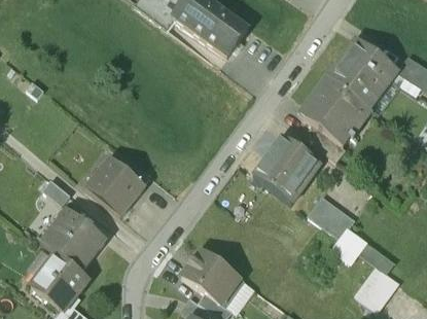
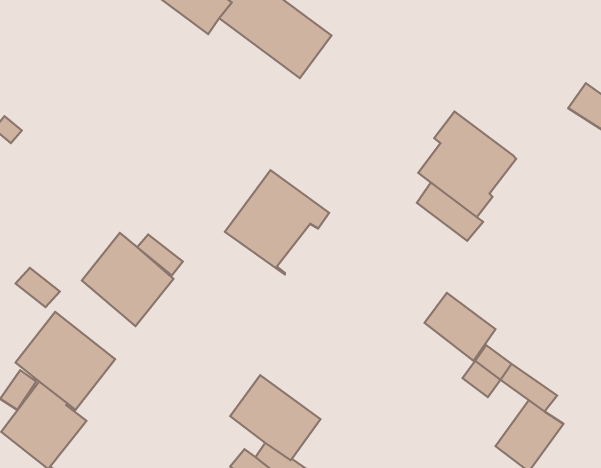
building: [328,38,399,106] -> none
building: [253,136,321,204] -> [225,170,329,274]

